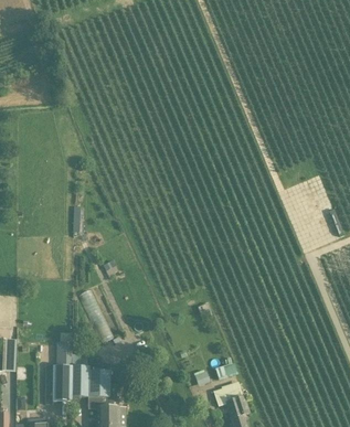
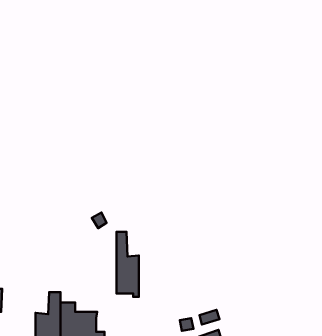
building: none -> [116,232,139,297]

